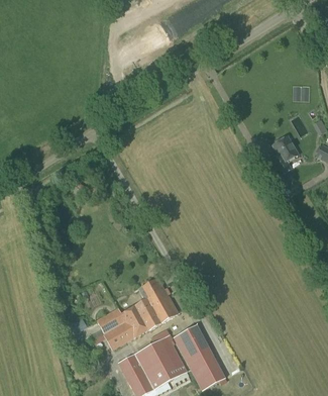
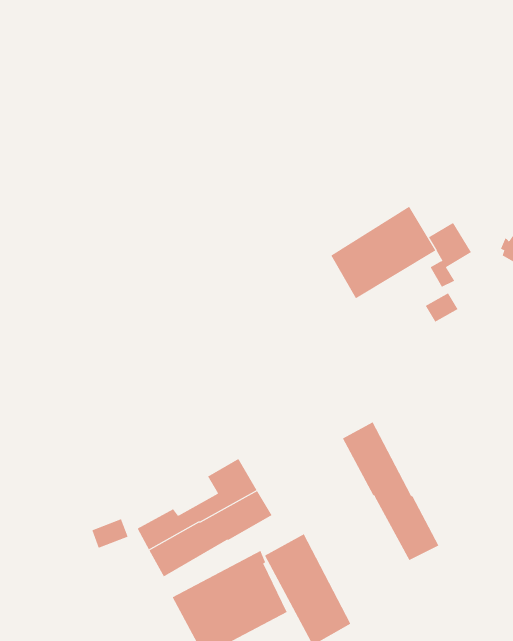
building: none -> [330,206,436,299]
building: none -> [342,422,439,561]

